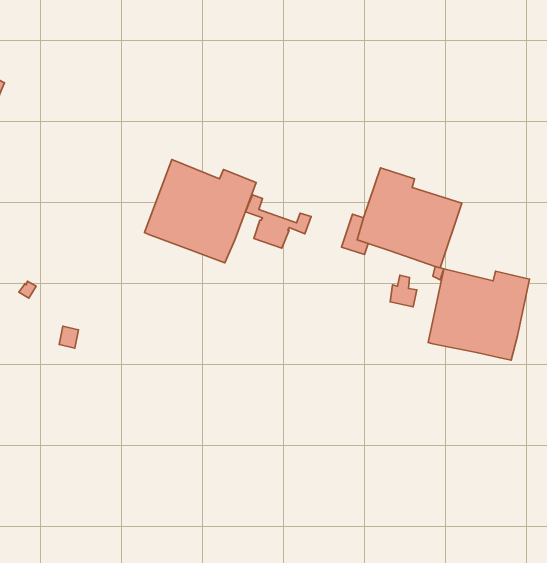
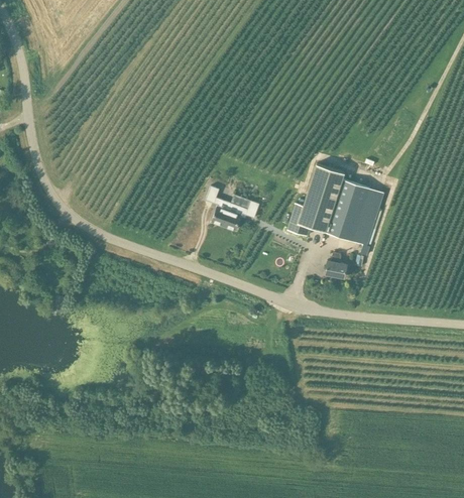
building: [144,160,256,263] -> none
building: [428,269,530,360] -> none

